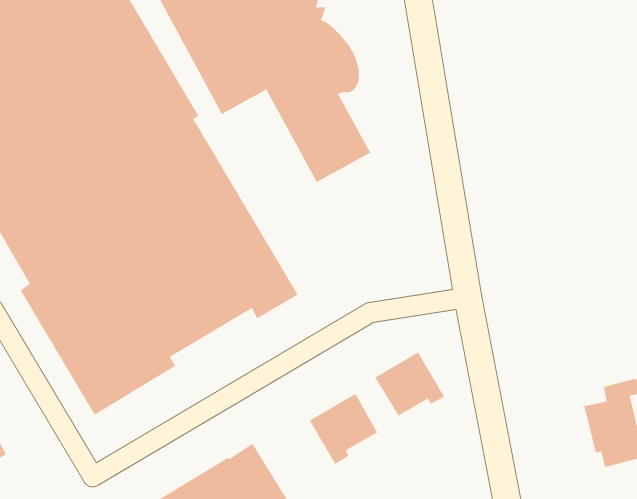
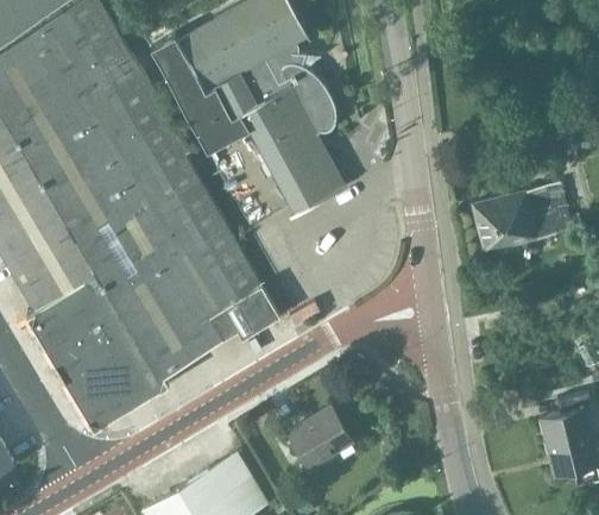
building: none -> [471,187,556,253]
building: [375,351,445,417] -> none

